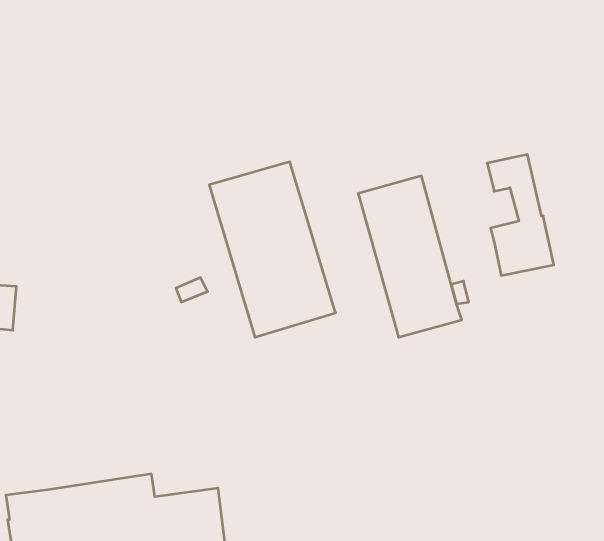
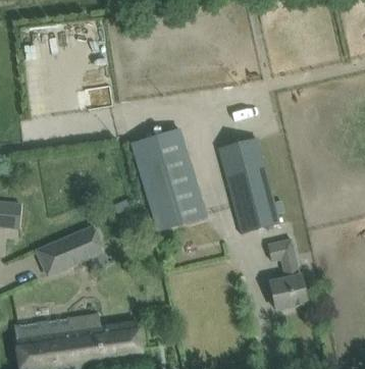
building: [487,154,554,275] -> [267,239,306,309]
building: none -> [35,224,104,277]

